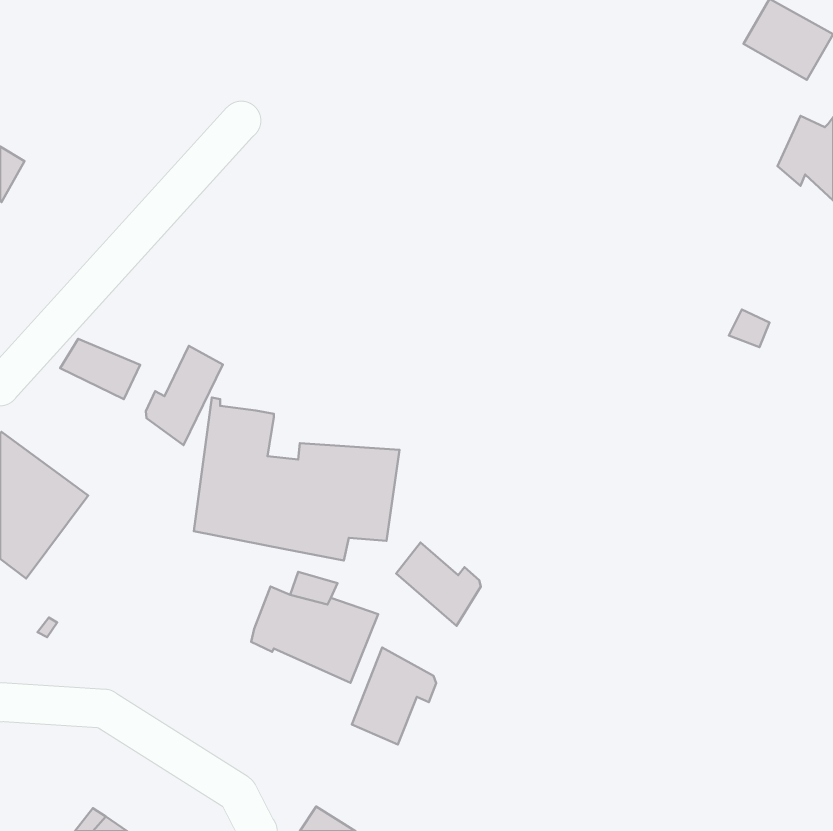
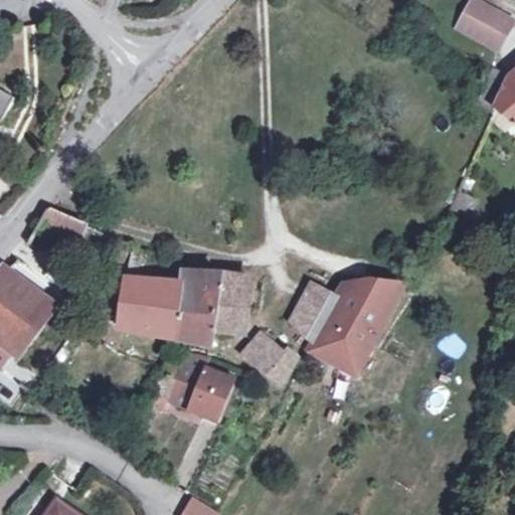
building: [146,346,223,445] -> none
building: none -> [292,282,403,374]
building: [352,648,436,745] -> none

